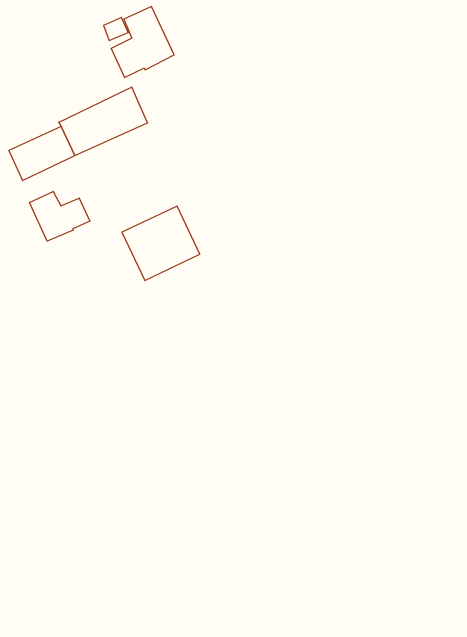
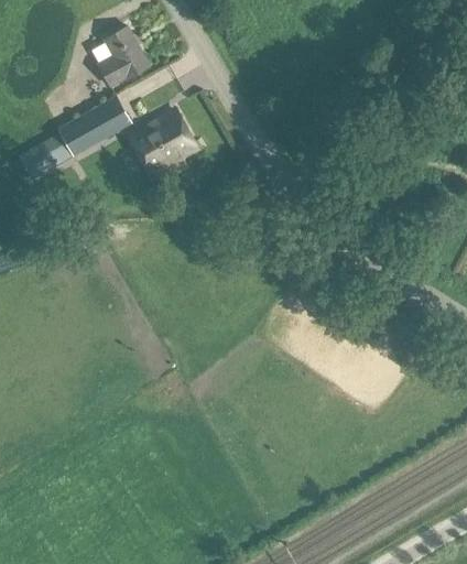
building: [30,191,90,241] -> none
building: [122,206,200,280] -> [131,111,197,175]

